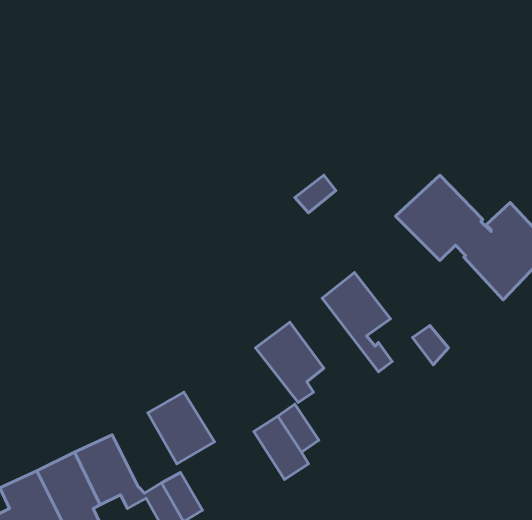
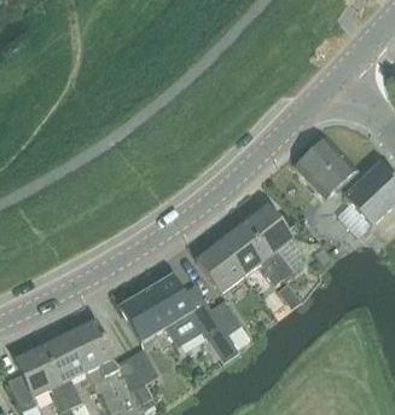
building: none -> [220,224,283,284]
building: none -> [145,275,192,347]

